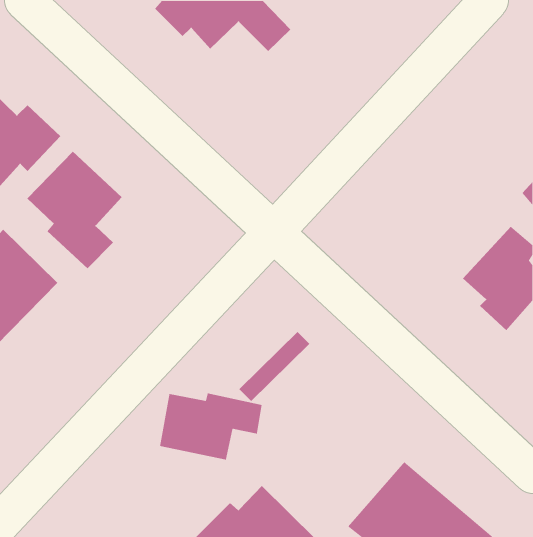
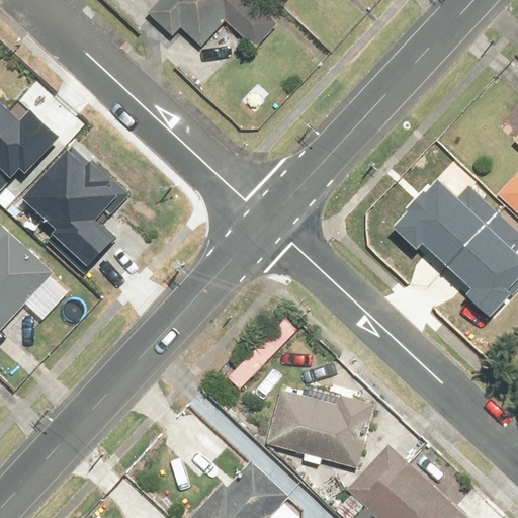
building: none -> [388,184,490,269]
building: [159,393,262,460] -> none
building: none -> [267,385,377,465]

